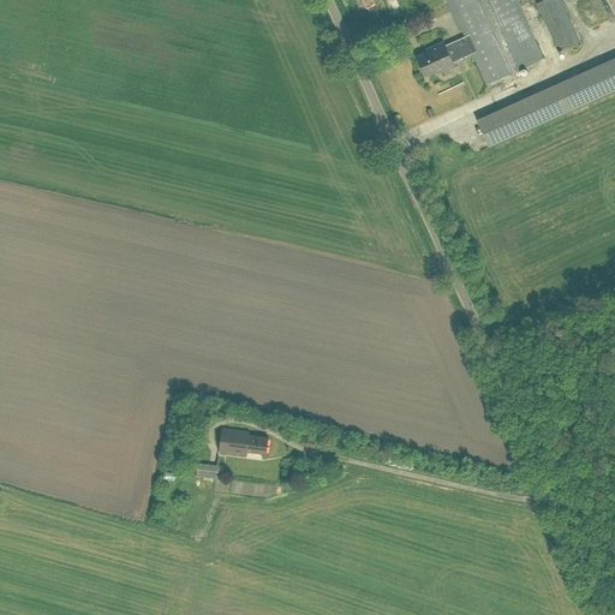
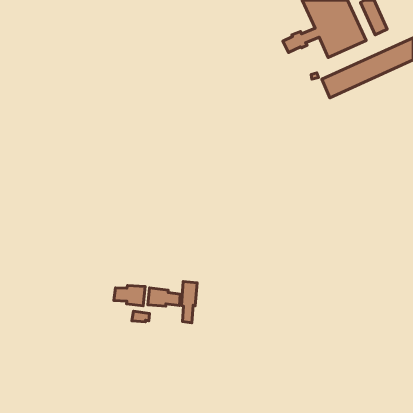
building: none -> [181,282,197,323]
building: none -> [114,286,145,306]

